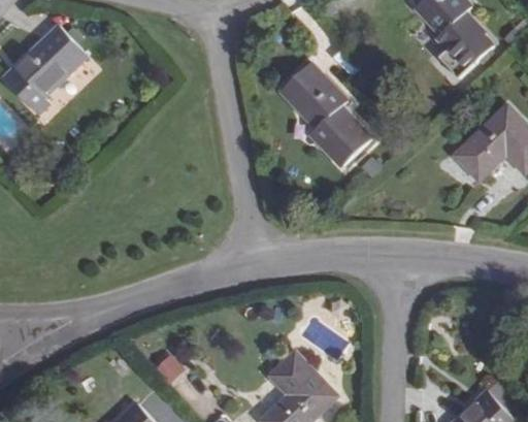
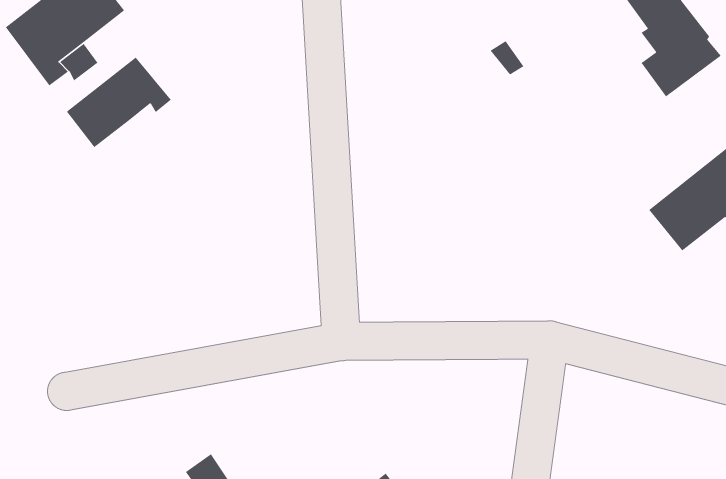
building: [282,63,369,163] -> none
building: none -> [66,56,172,148]

